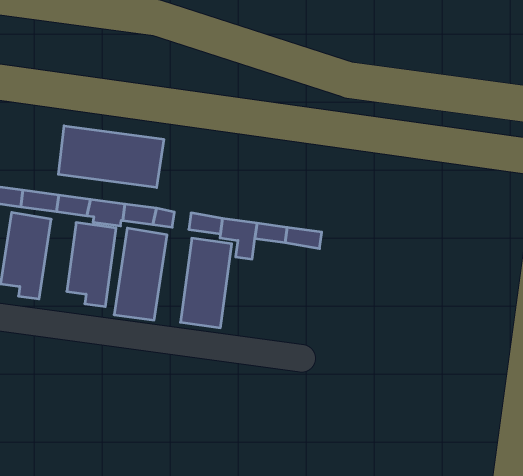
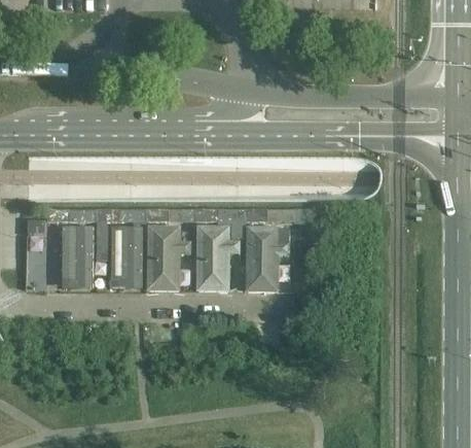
building: [58,126,164,188] -> none
building: none -> [247,229,289,290]

